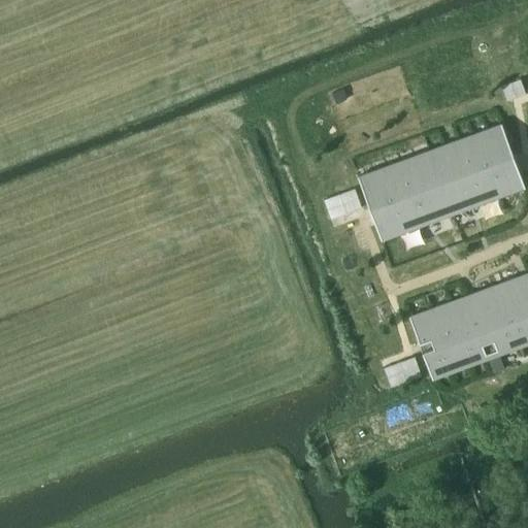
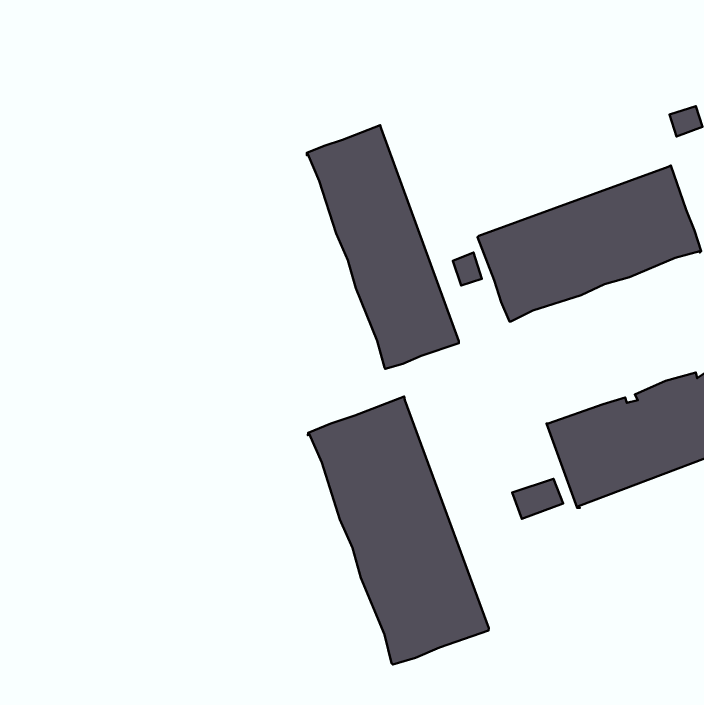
building: none -> [307,125,459,369]
building: none -> [308,396,489,665]

